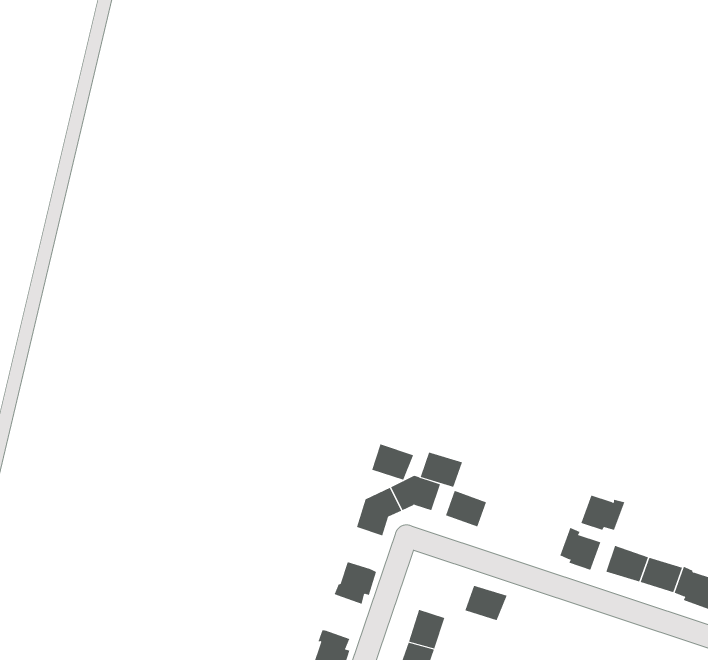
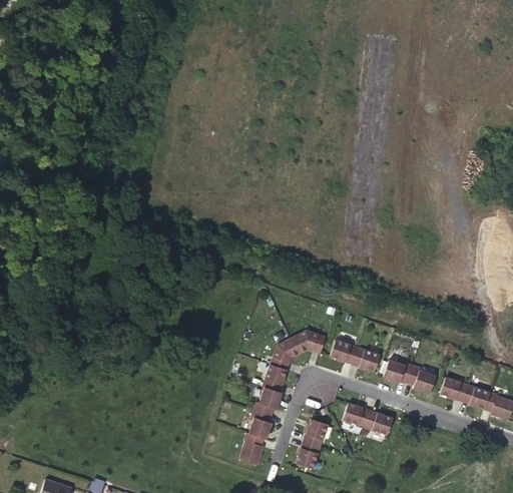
building: [371,443,414,481] -> none
building: [420,452,463,487] -> [352,348,381,372]
building: [580,495,625,530] -> [384,360,414,384]
building: none -> [262,365,288,393]
building: none -> [248,410,274,441]
building: none -> [365,411,393,436]

